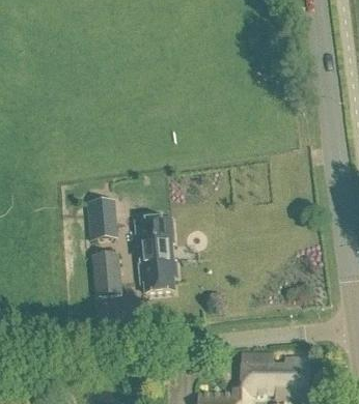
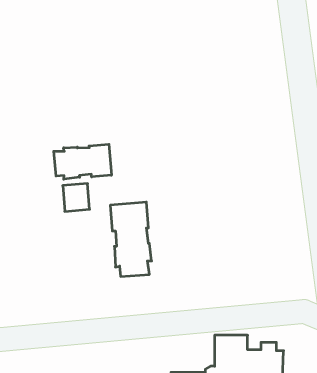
building: none -> [54,144,111,179]
building: [91,250,120,293] -> none

